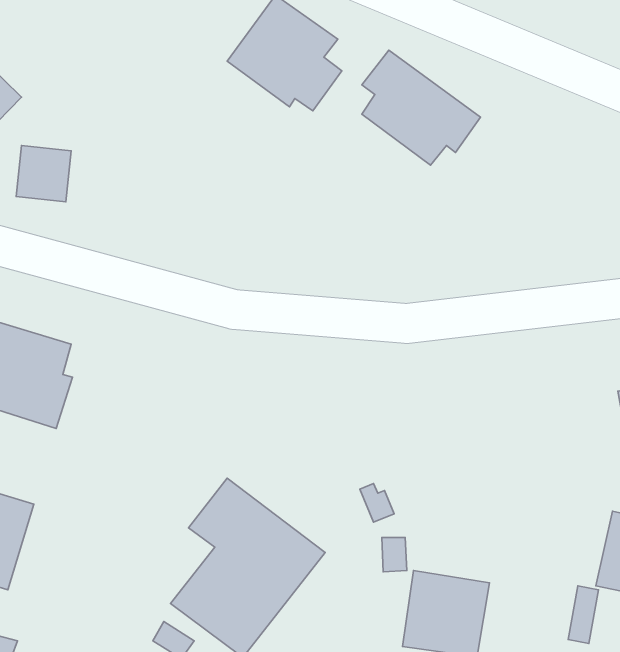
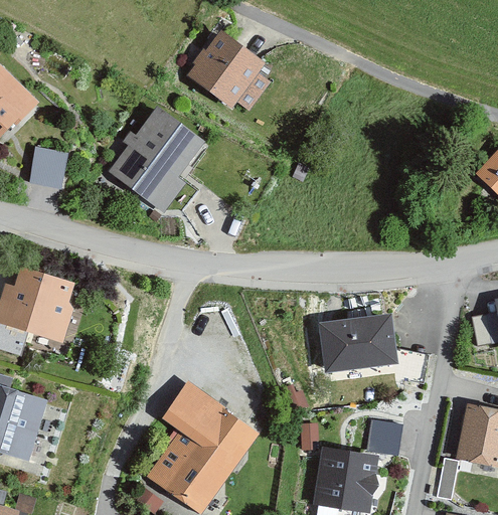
building: [362,50,481,165] -> none
building: none -> [108,107,204,213]
building: none -> [319,312,397,373]
building: none -> [367,419,402,453]

